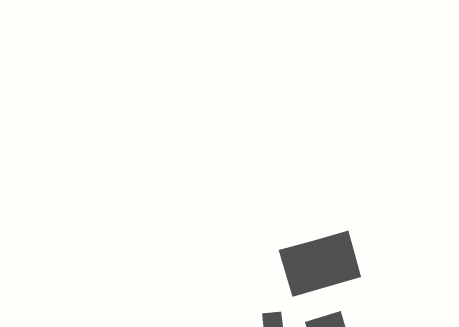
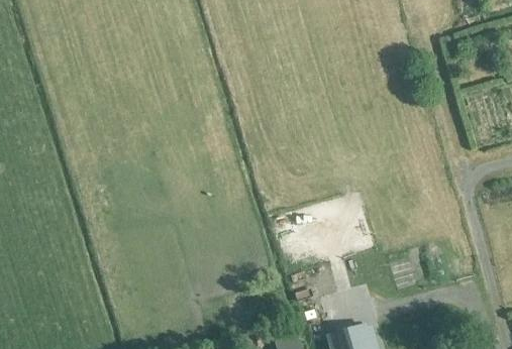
building: [278,229,362,298] -> none

